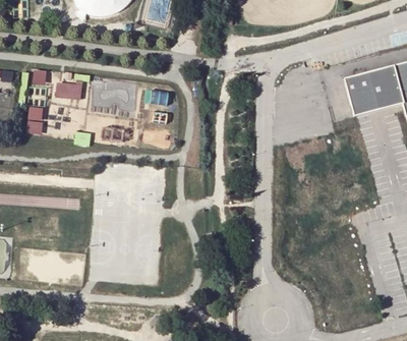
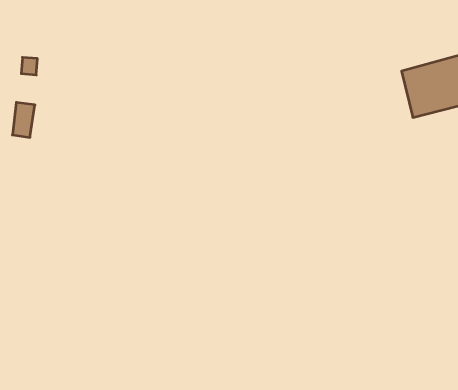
building: [58,79,83,96] -> none

